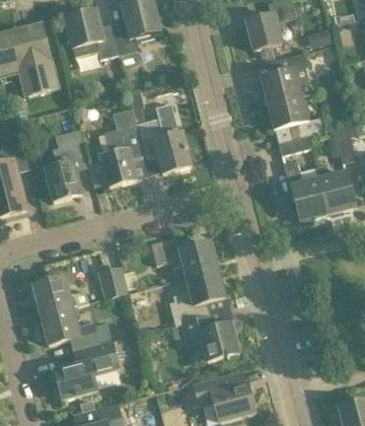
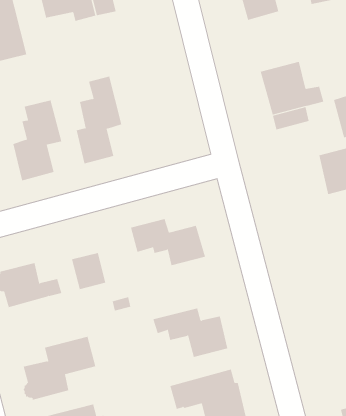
building: [261,51,311,102] -> none
building: [129,89,192,173] -> none
building: [283,159,327,220] -> none
building: [159,269,224,327] -> none
building: [41,304,113,350] -> none

